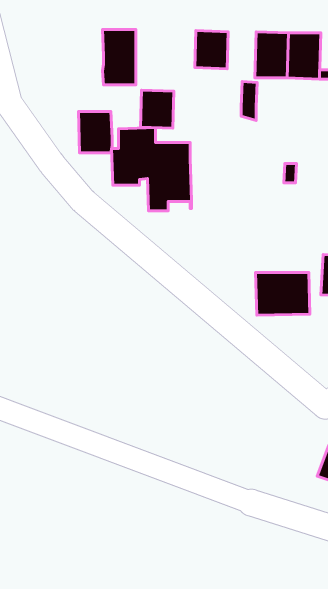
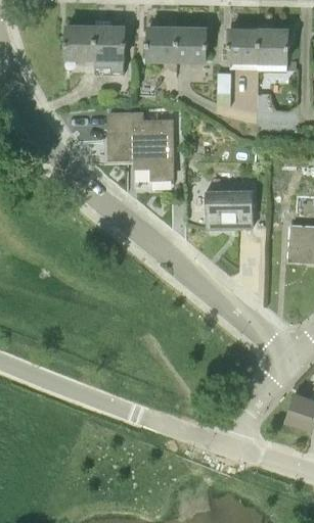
building: [140,90,174,128] -> [147,27,177,60]
building: [78,111,112,153] -> [65,27,95,63]
building: [256,273,310,315] -> [205,191,253,229]

